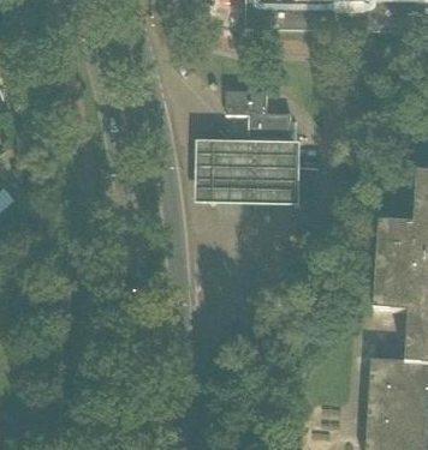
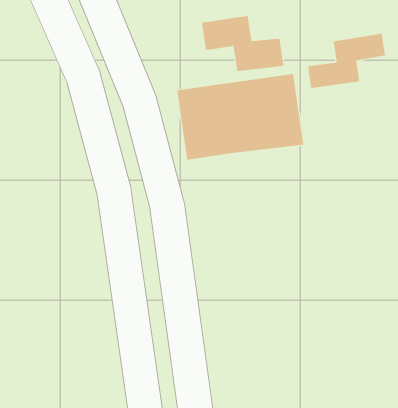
building: none -> [307,33,385,89]

